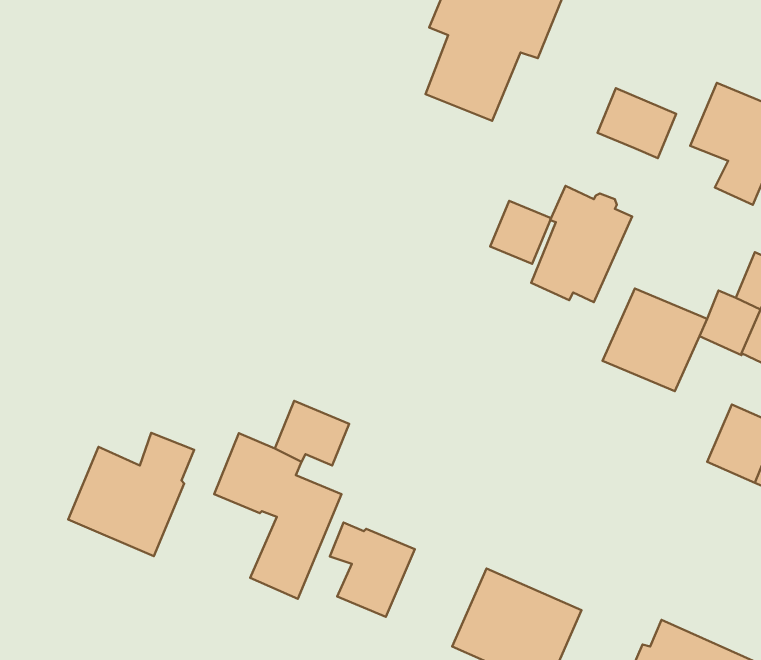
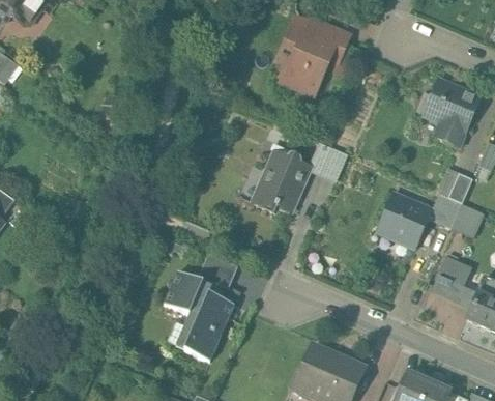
building: [597,88,676,158] -> none
building: [531,186,632,302] -> [254,149,309,212]
building: [68,433,194,556] -> none
building: [330,523,415,617] -> none

